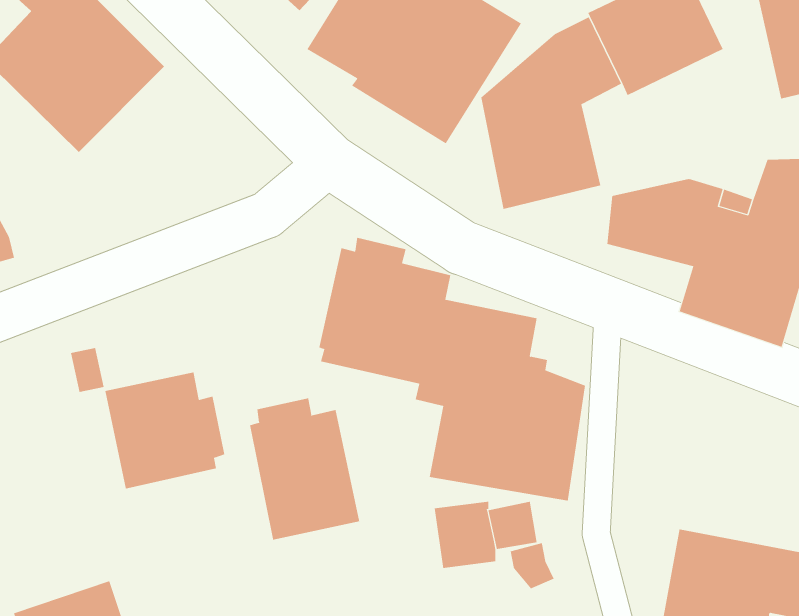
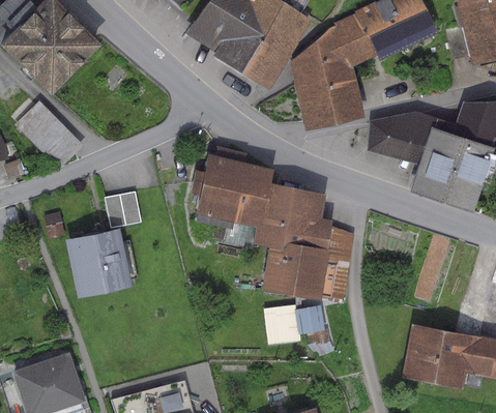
building: none -> [16,101,84,169]
building: none -> [105,190,142,228]
building: [250,397,360,540] -> none

